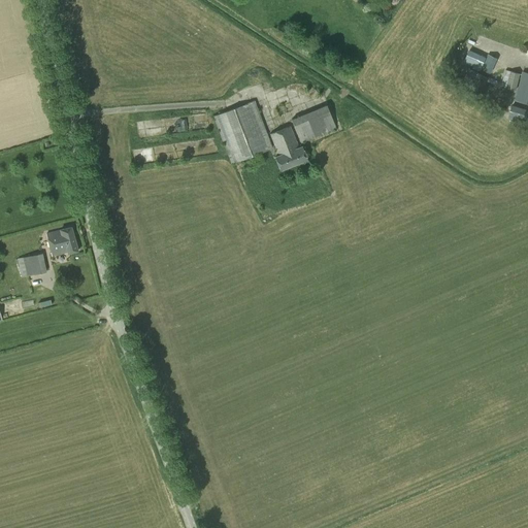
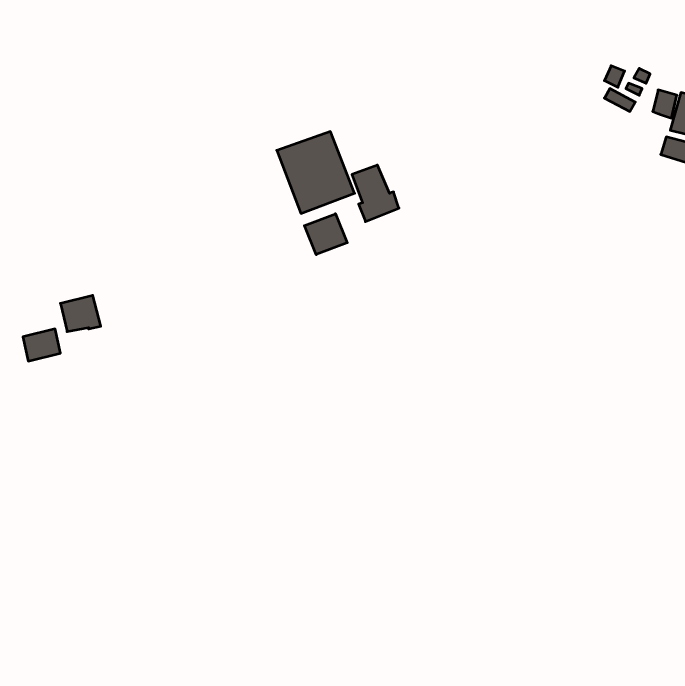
building: [298,104,340,138] -> none
building: none -> [304,214,347,255]

